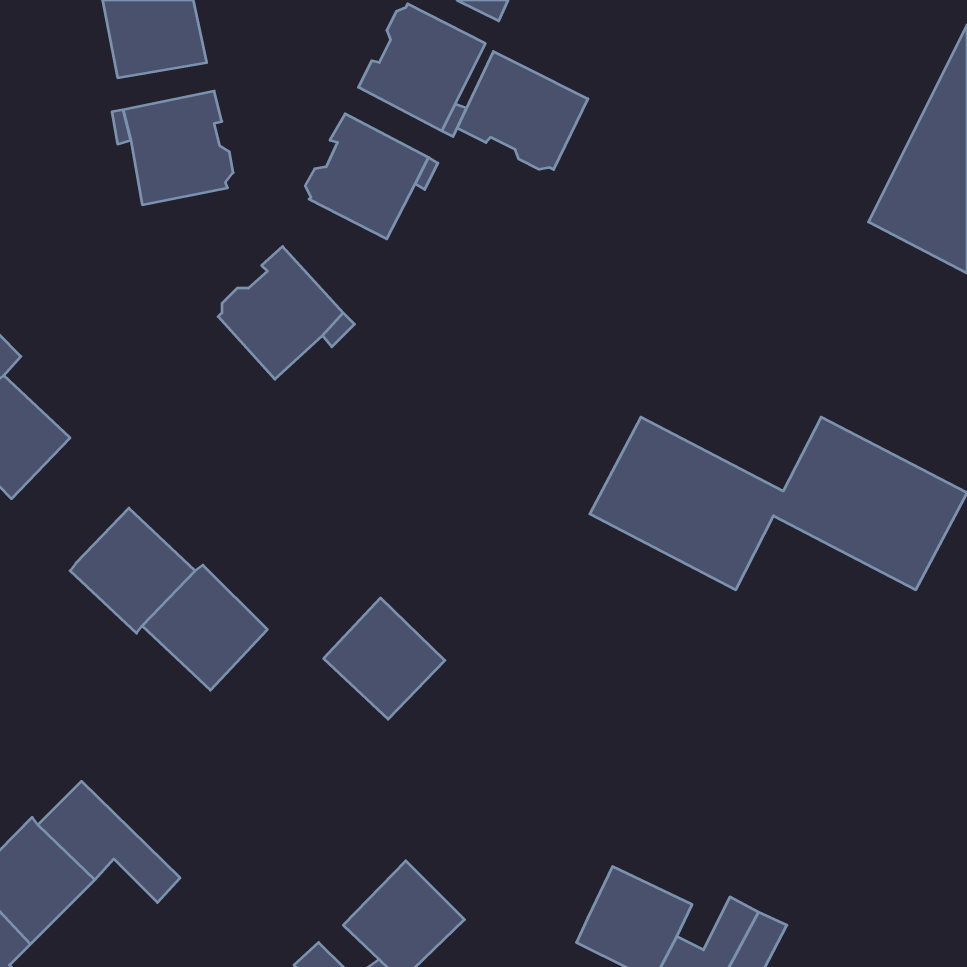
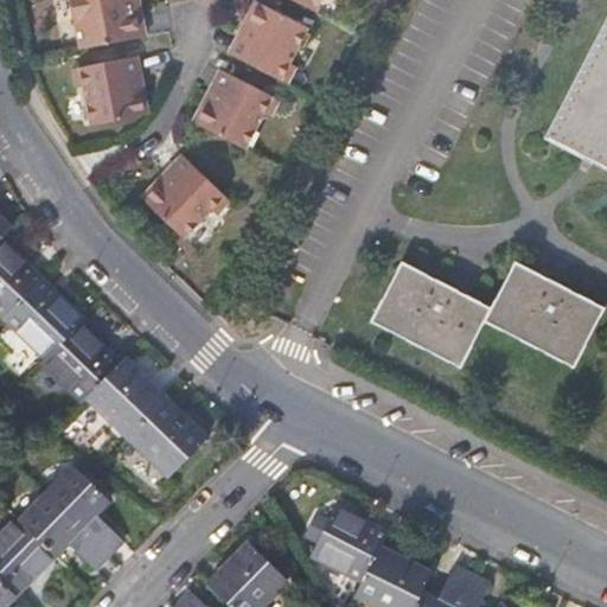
building: [457,51,588,170] -> none
building: none -> [7,275,85,353]
building: [324,598,445,719] -> [132,395,207,471]
building: none -> [51,462,127,550]
building: none -> [317,504,389,575]

